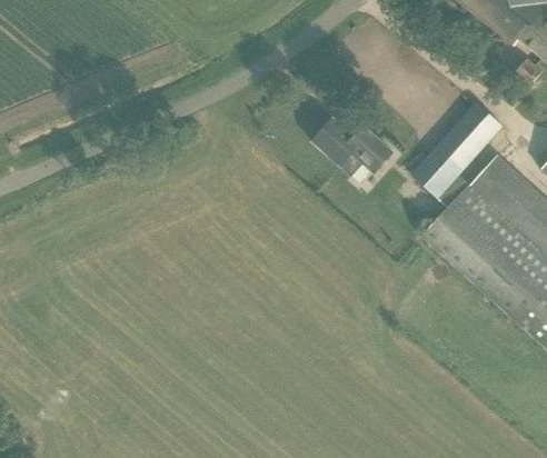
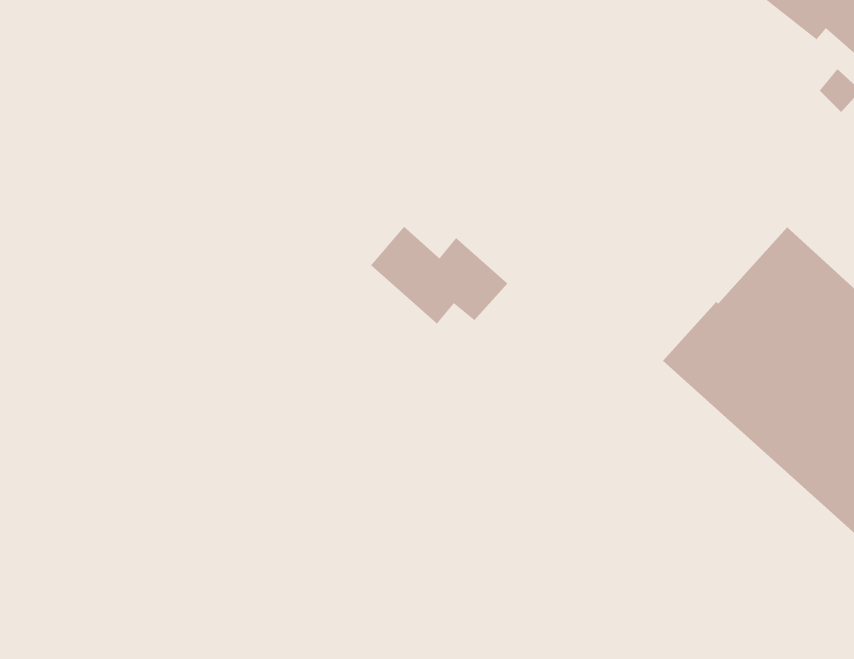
building: [412,100,504,197] -> none
building: [314,117,396,176] -> [370,226,508,325]

